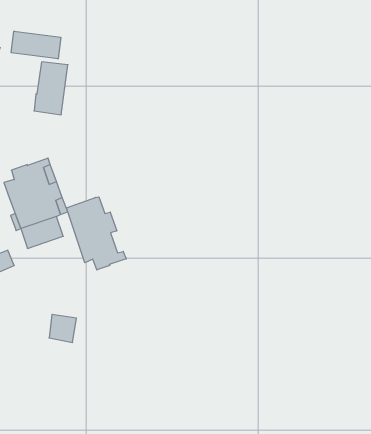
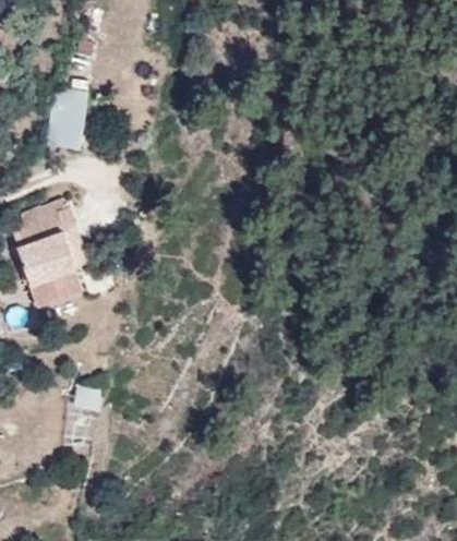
building: [11,31,61,59] -> none
building: [67,197,126,270] -> none

